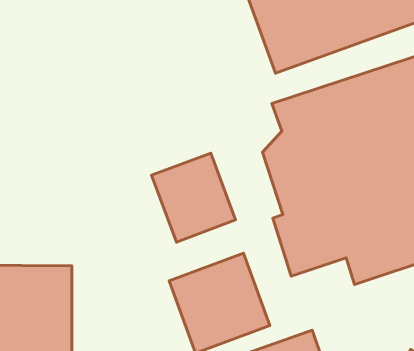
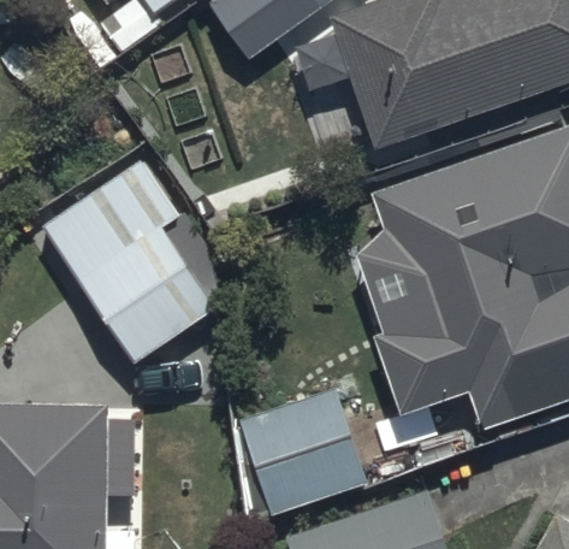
building: none -> [41,159,220,365]
building: [152,153,236,242] -> none

